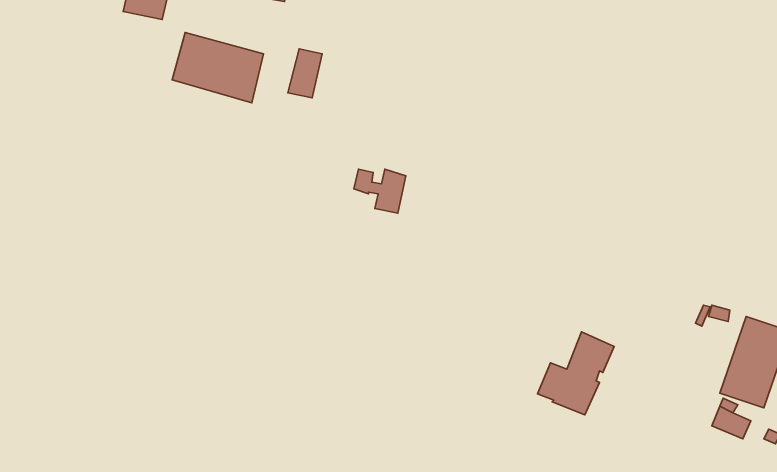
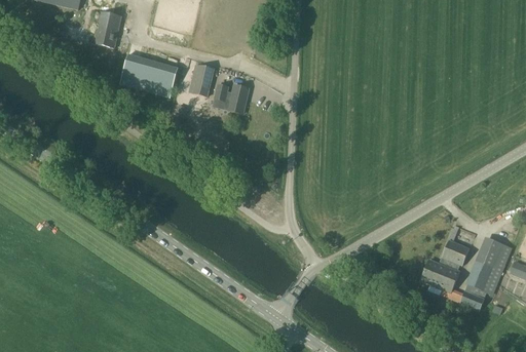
building: [354,169,406,213] -> [215,84,248,112]
building: [537,332,614,415] -> [420,239,468,291]

